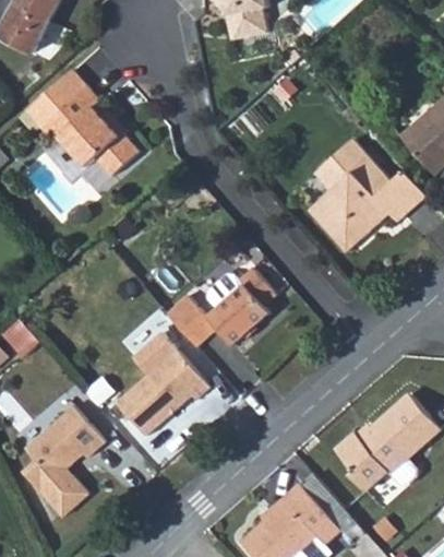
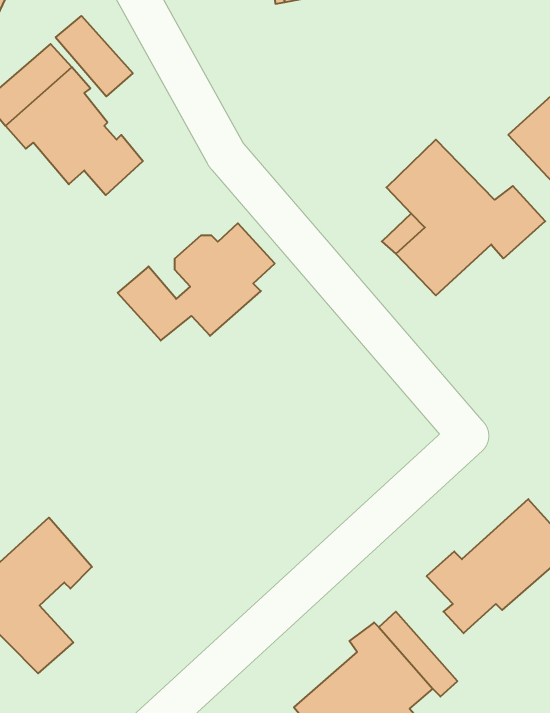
building: none -> [56,16,133,96]
building: [171,273,283,356] -> [118,223,275,341]
building: [112,345,206,429] -> none

